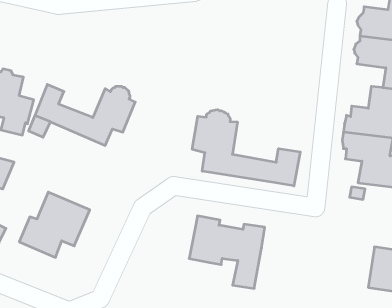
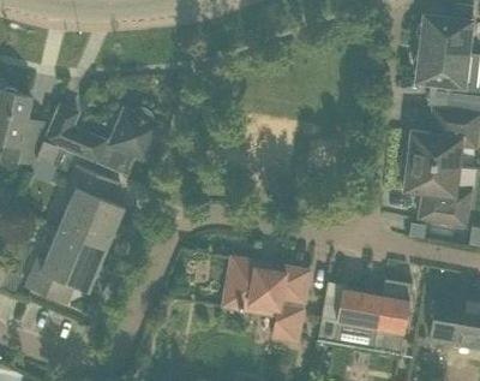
building: [192,110,300,186] -> none
building: none -> [59,169,125,251]
building: none -> [317,280,413,353]

